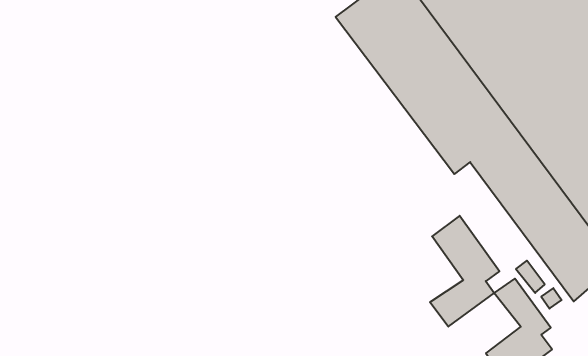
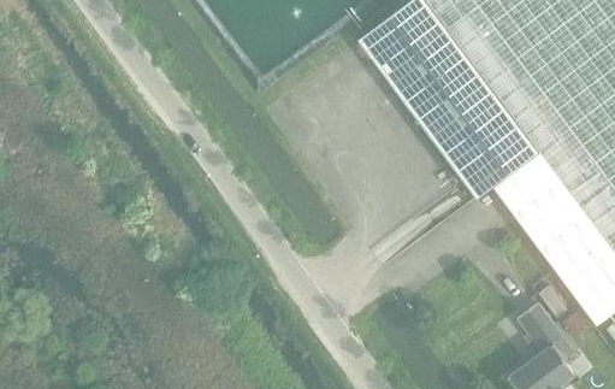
building: [430,216,499,327] -> none

